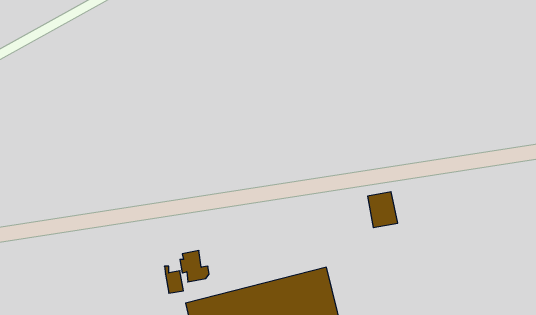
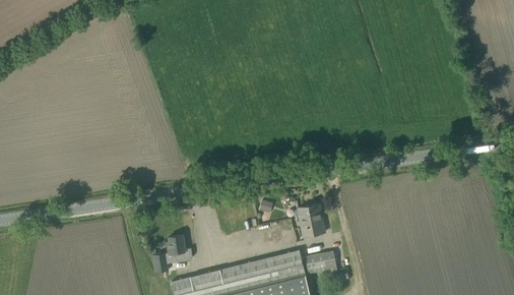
building: [368,192,398,228] -> [299,203,326,236]
building: none -> [306,250,338,274]

